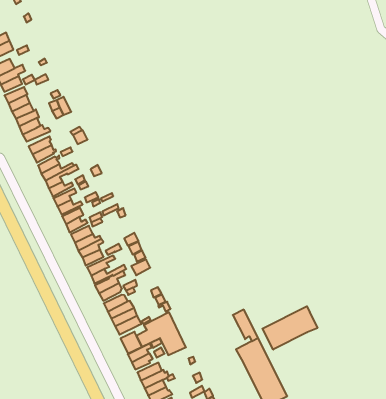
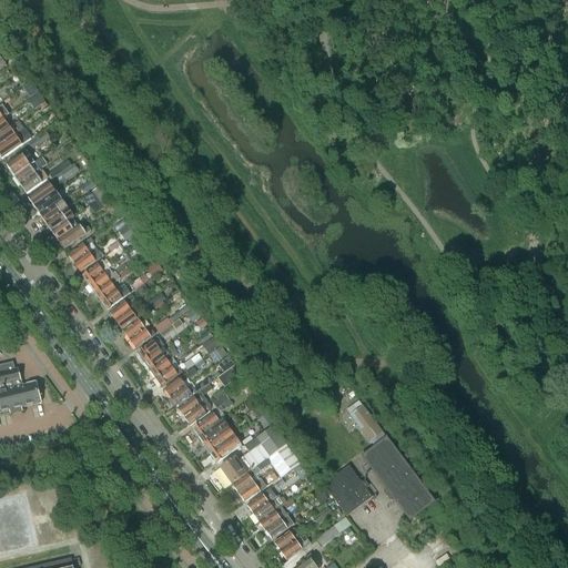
building: [262,306,317,350] -> none
building: none -> [322,464,372,515]

